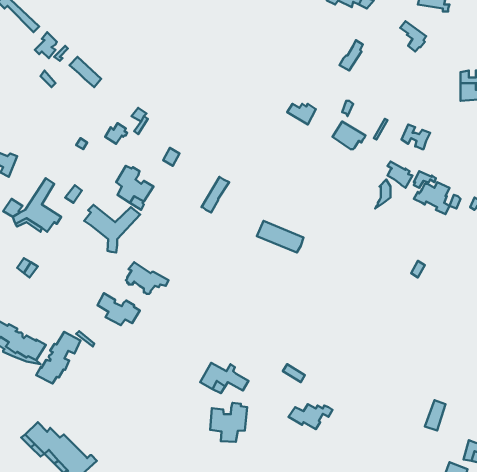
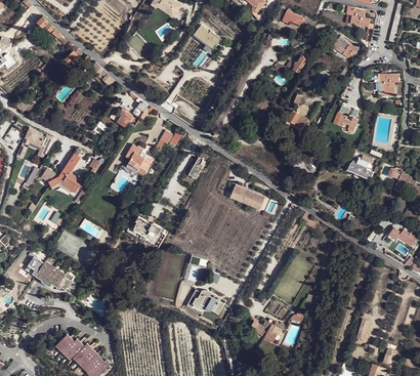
building: [84,205,140,253] -> none
building: [97,293,140,325] -> none
building: [36,332,80,384] -> none
building: [210,403,247,442] -> none

